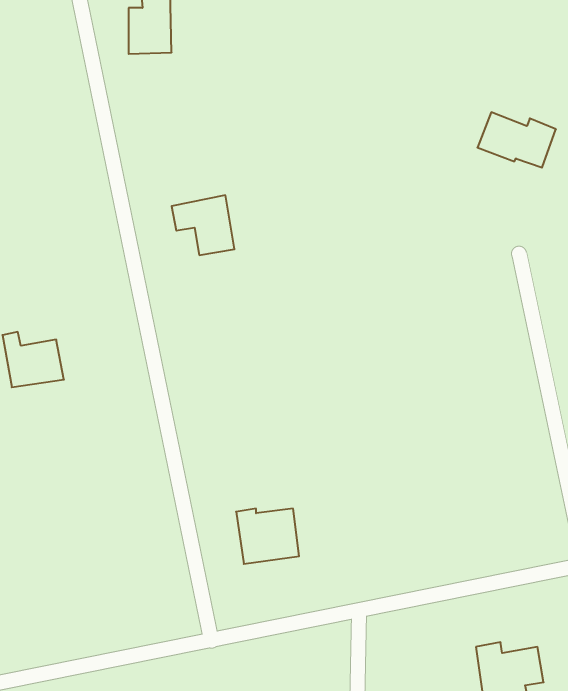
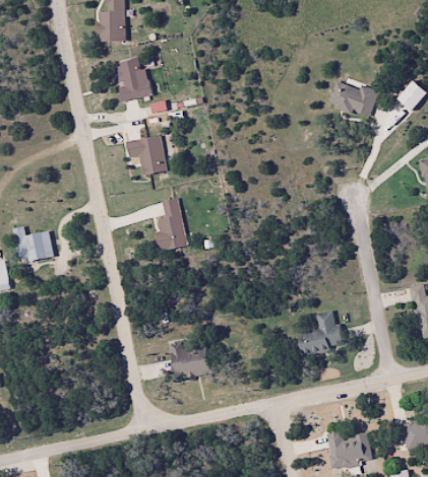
building: none -> [115,58,150,101]
building: none -> [154,198,186,251]
building: none -> [299,311,342,354]

